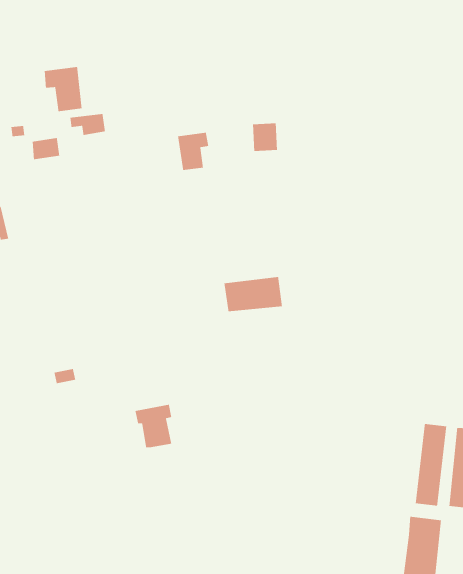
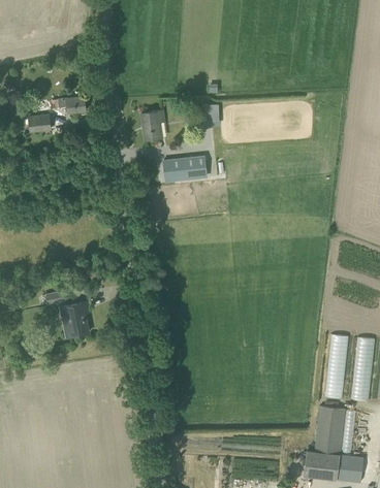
building: [44,66,83,112] -> none
building: [224,276,283,312] -> [162,155,208,183]
building: [135,404,172,448] -> [60,302,89,336]

